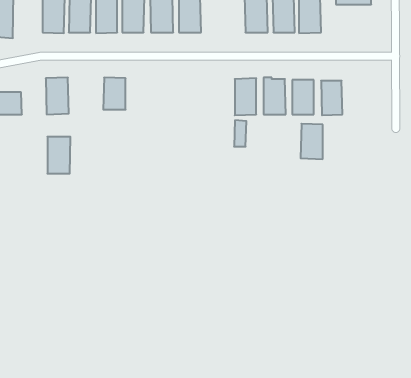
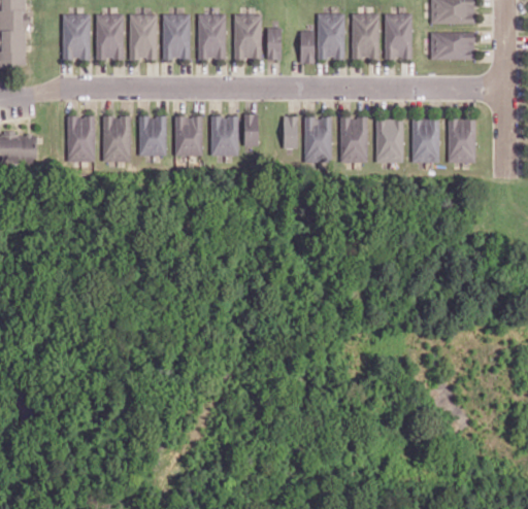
building: none -> [267,27,282,60]
building: none -> [300,31,315,63]
building: none -> [430,32,474,60]
building: none -> [243,113,259,145]
building: none -> [175,115,203,156]
building: none -> [211,116,238,156]
building: [234,120,246,147] -> [283,115,298,148]
building: [301,124,323,159] -> [448,118,475,163]
building: [47,137,70,174] -> [103,115,132,162]

